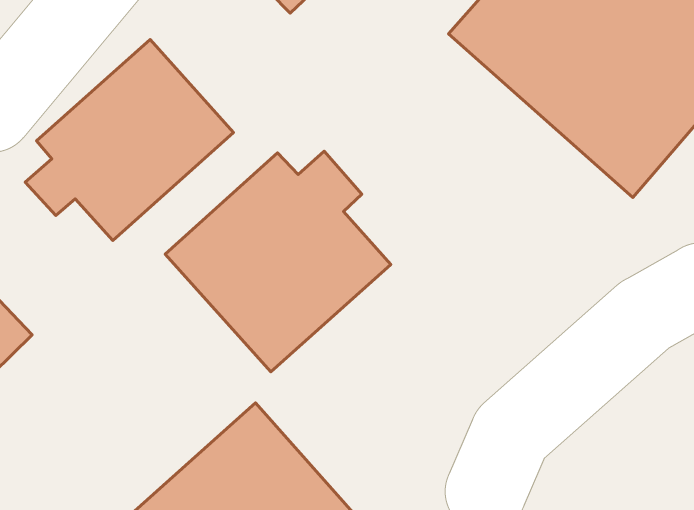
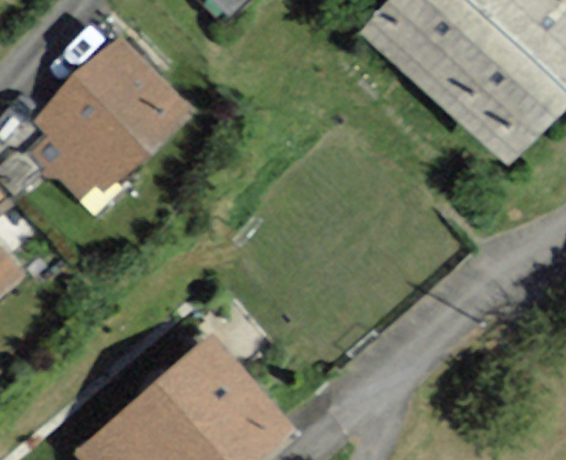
building: [165,151,391,372] -> none

